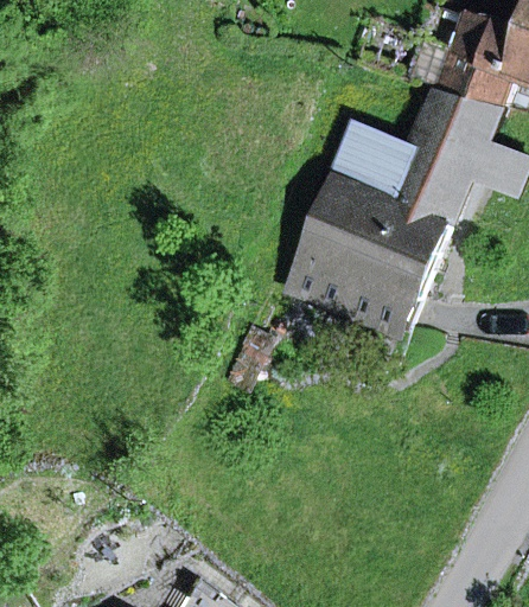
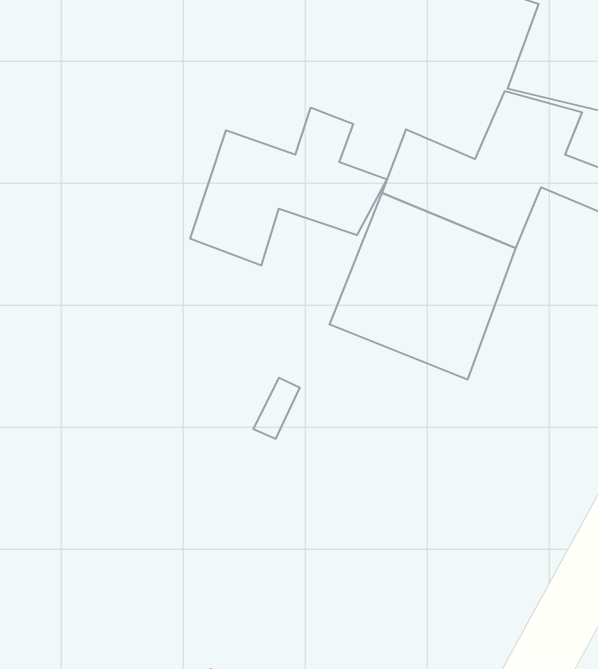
building: none -> [190,108,387,266]

